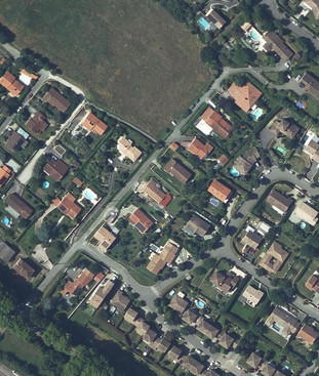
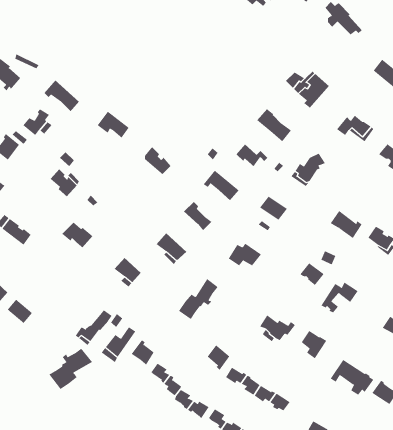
building: none -> [48,348,93,390]

